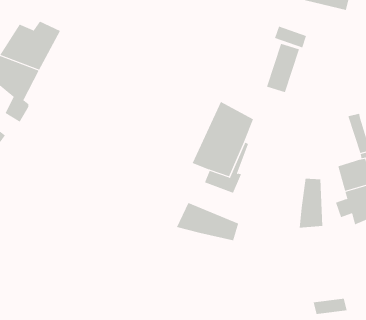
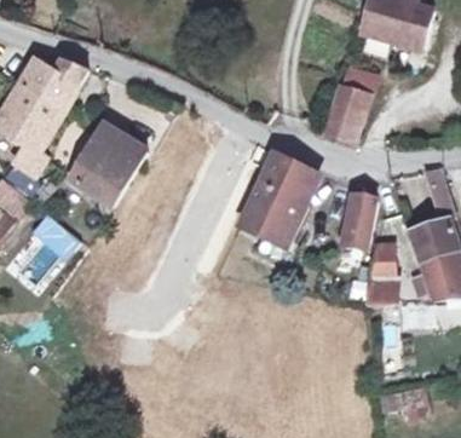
building: none -> [65,123,145,206]
building: none -> [340,191,378,246]
building: [176,202,239,241] -> none

